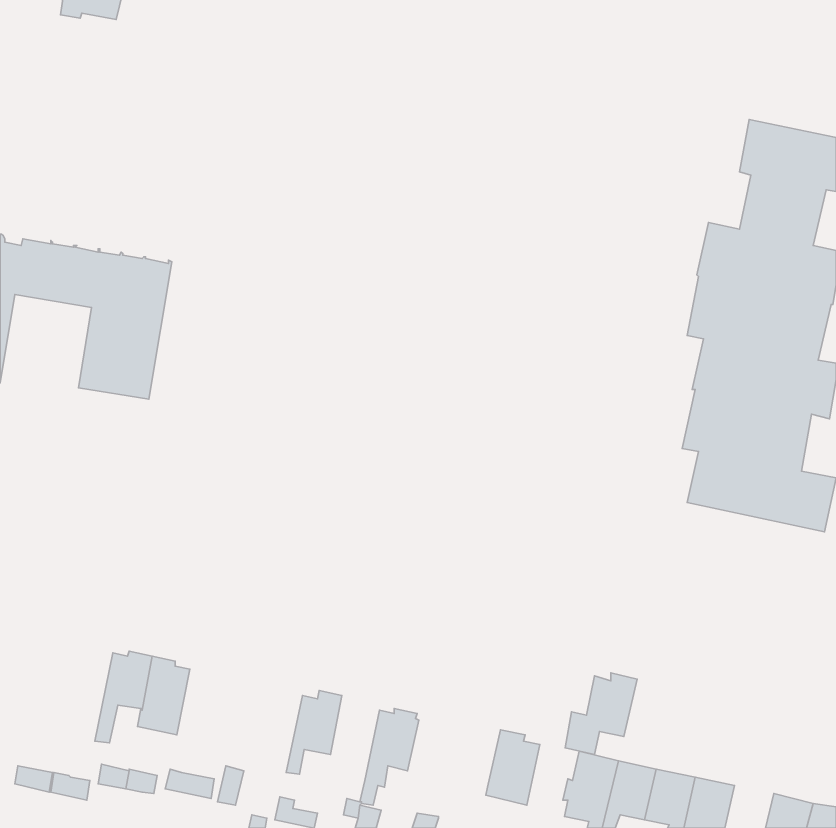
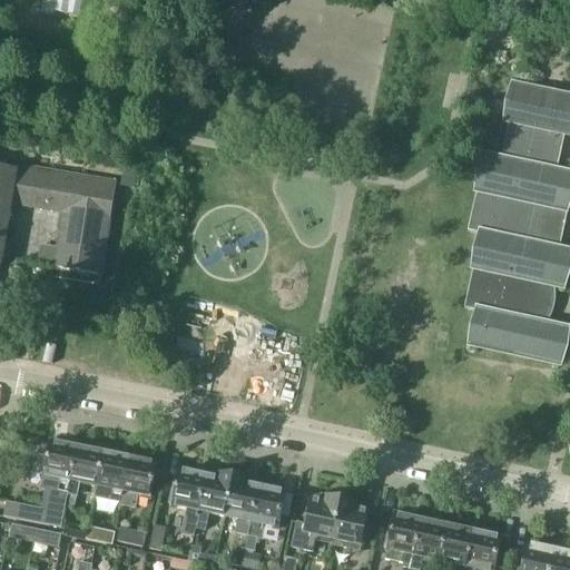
building: none -> [17,436,77,524]
building: none -> [119,454,156,505]
building: [565,673,637,755] -> [292,492,341,548]
building: none -> [168,464,206,533]
building: none -> [225,473,258,531]

